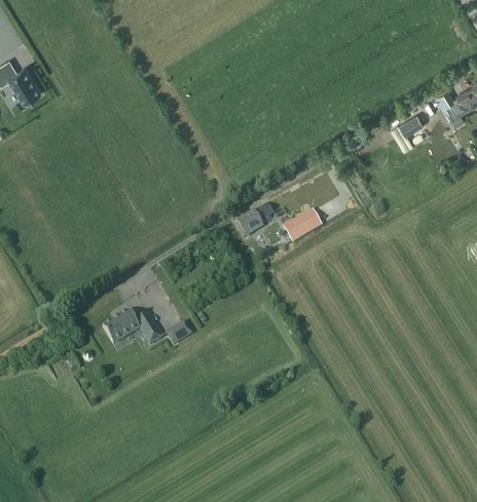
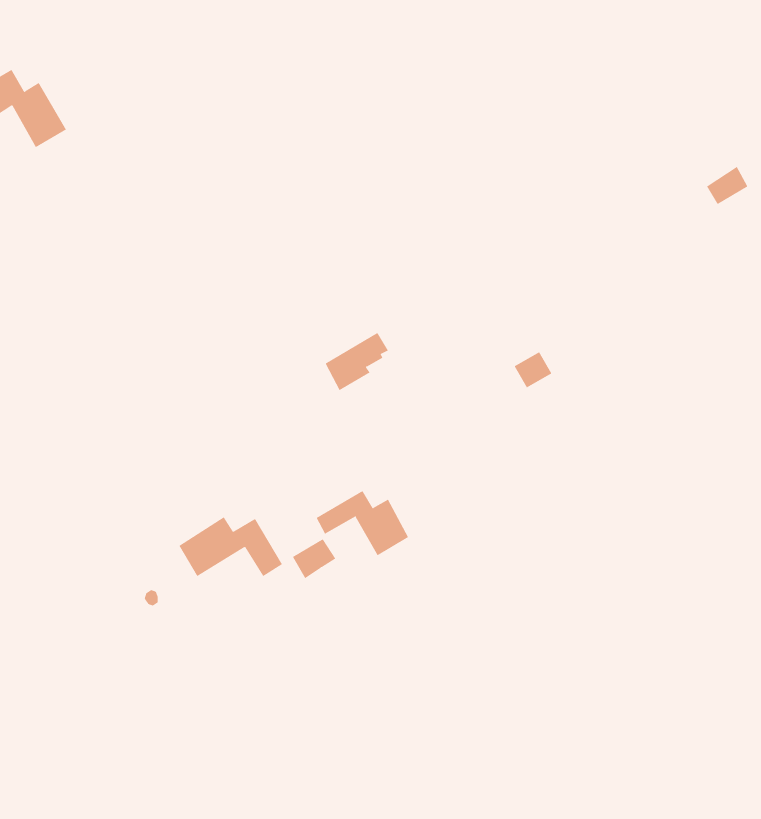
building: [237,203,273,236] -> [325,332,389,391]
building: none -> [316,490,409,556]

